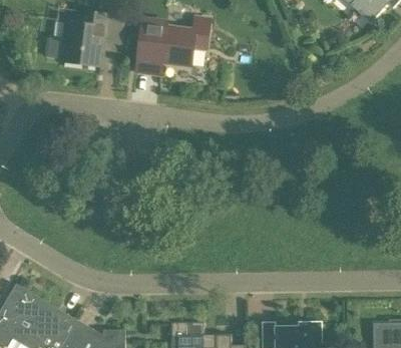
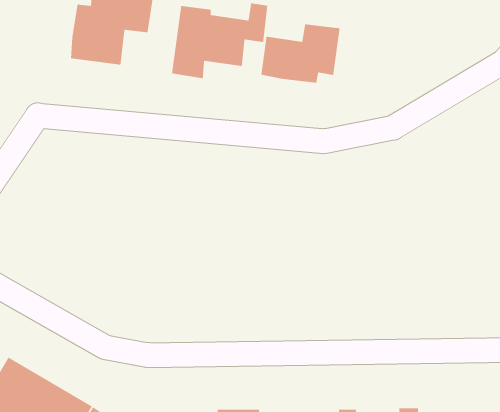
building: none -> [260,23,341,83]

